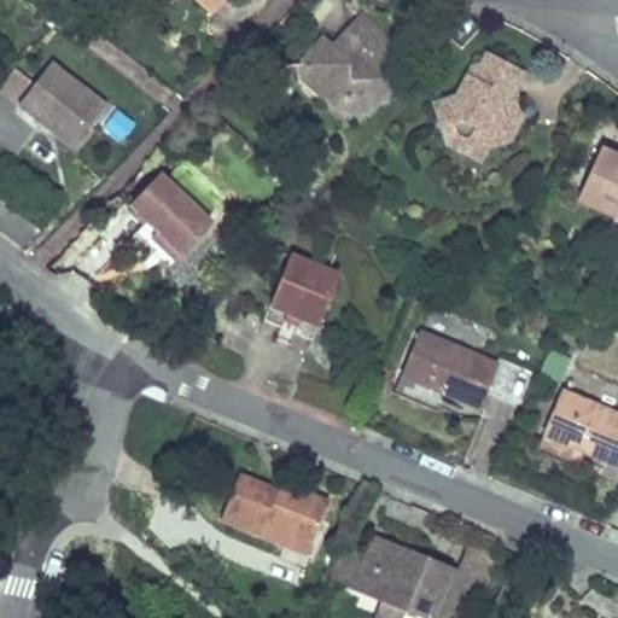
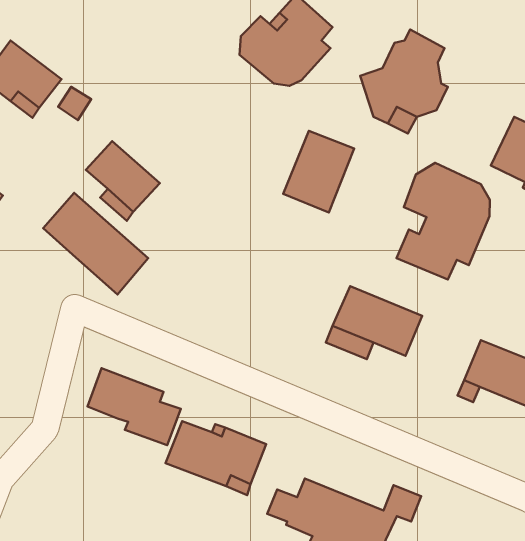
building: none -> [397,163,490,279]
building: none -> [43,193,148,295]
building: [264,251,342,340] -> [283,131,354,213]
building: none -> [87,368,181,445]

